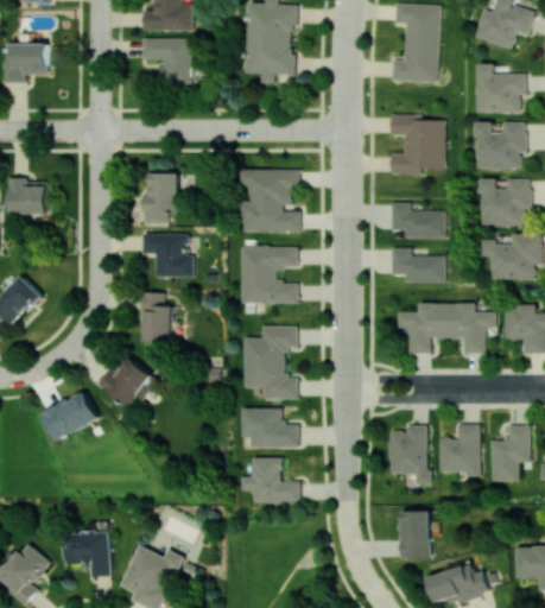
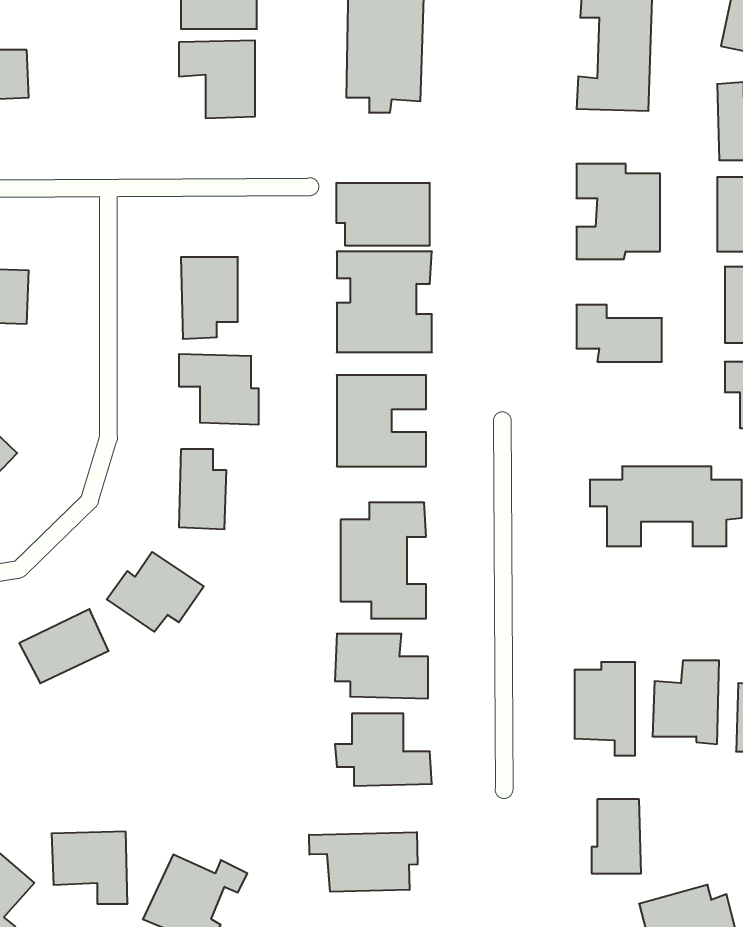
building: none -> [336,183,430,246]
building: [391,248,444,281] -> none
building: none -> [309,832,418,892]

